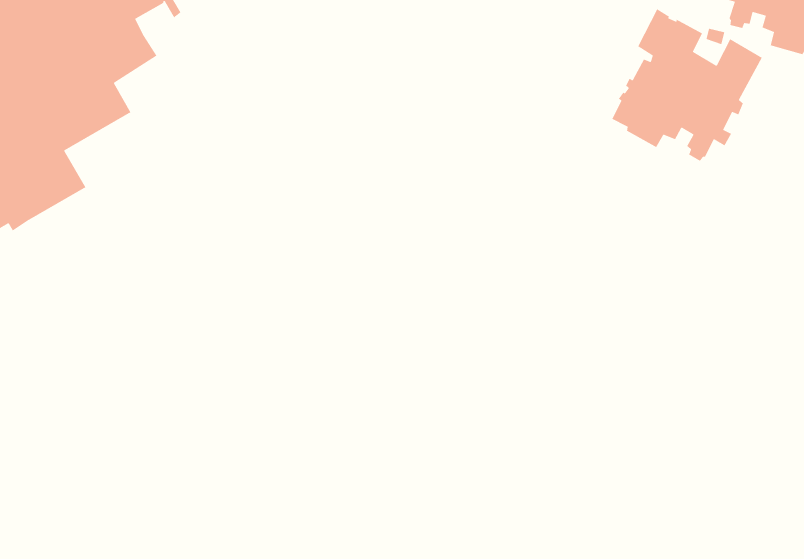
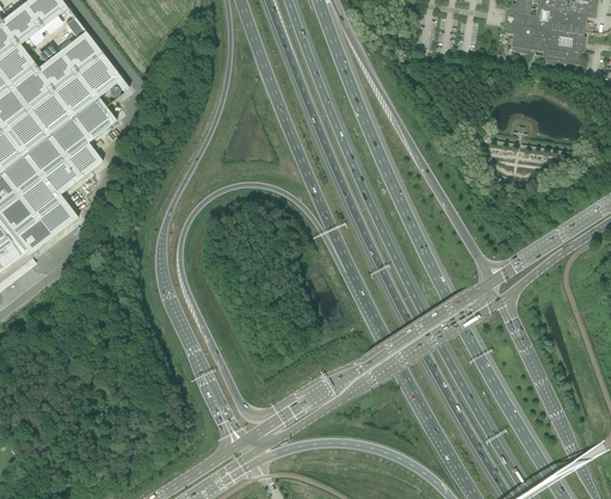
building: [611,8,763,162] -> none

